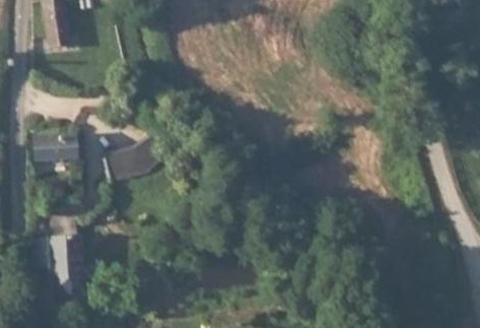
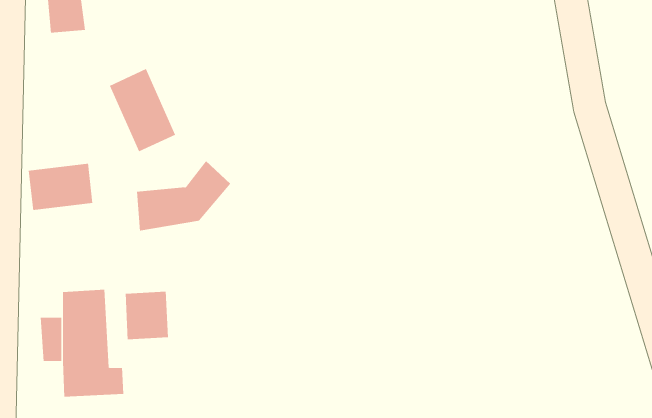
building: none -> [109,68,176,152]
building: none -> [125,291,169,340]

